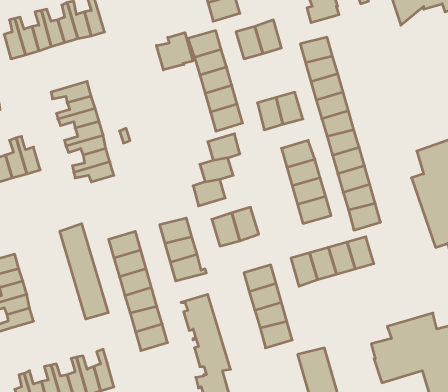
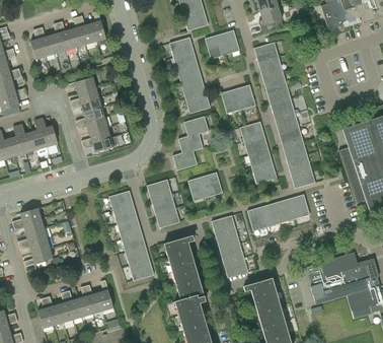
building: [156,33,193,70] -> none
building: [60,224,108,319] -> none

